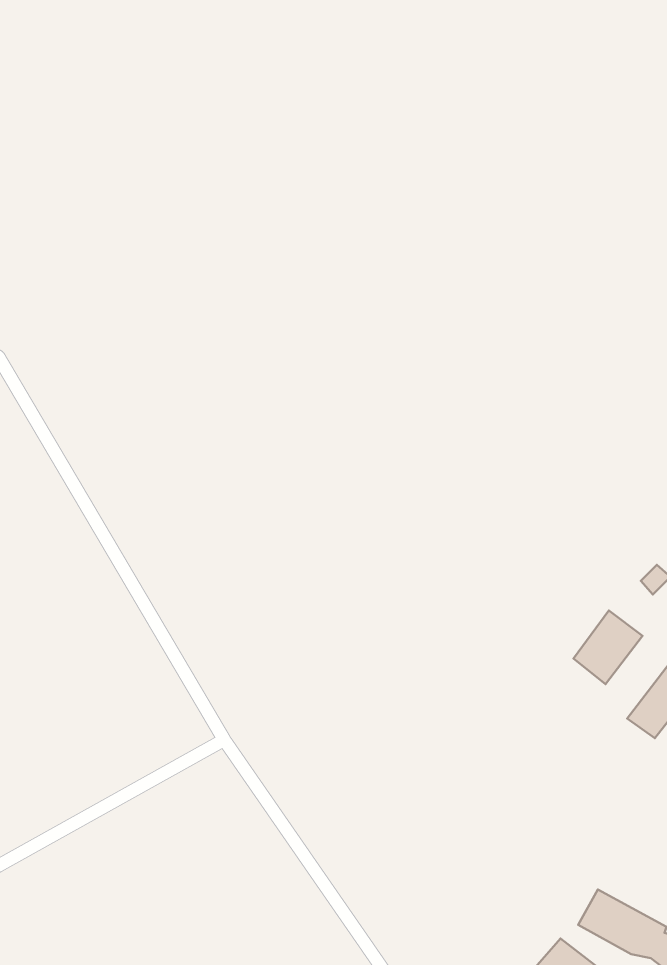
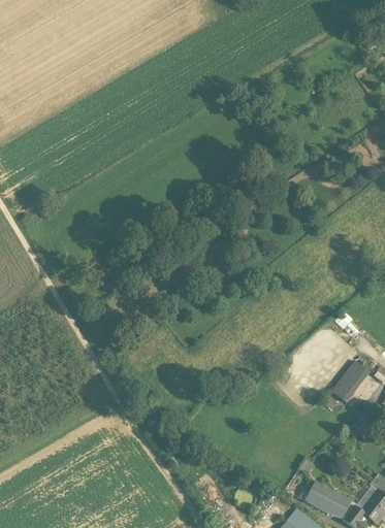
building: [574,610,643,684] -> none

